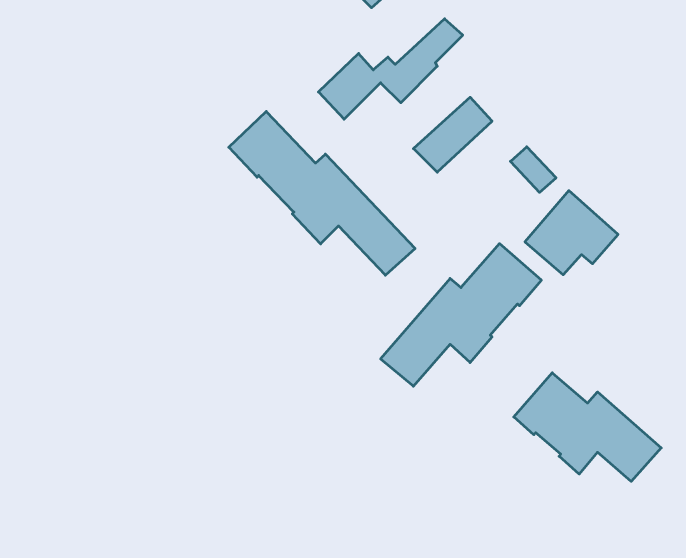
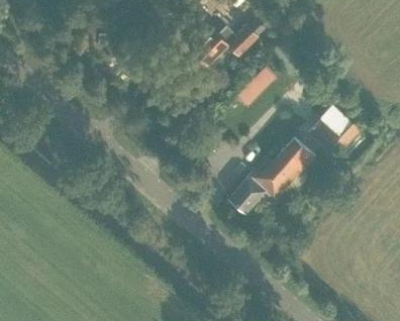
building: [229,111,415,275] -> none
building: [514,373,661,481] -> none

